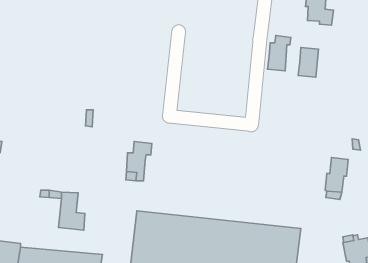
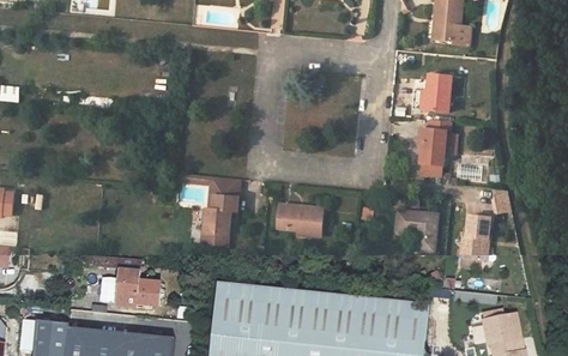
building: [267,36,291,71] -> [419,119,449,164]
building: none -> [206,176,237,209]
building: none -> [276,204,321,231]
building: none -> [395,210,435,251]

